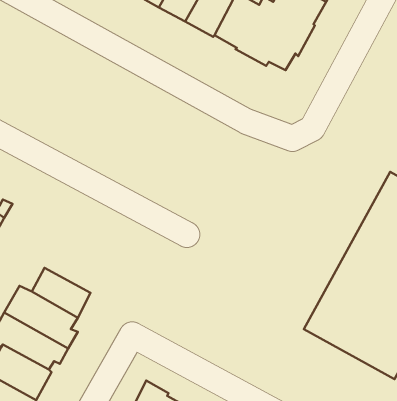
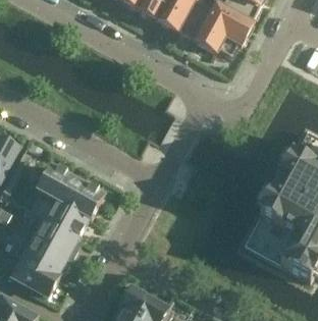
building: none -> [37,165,104,220]

